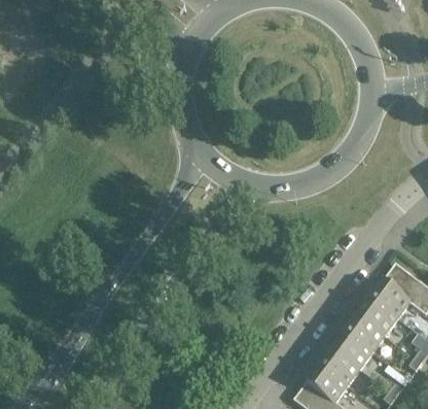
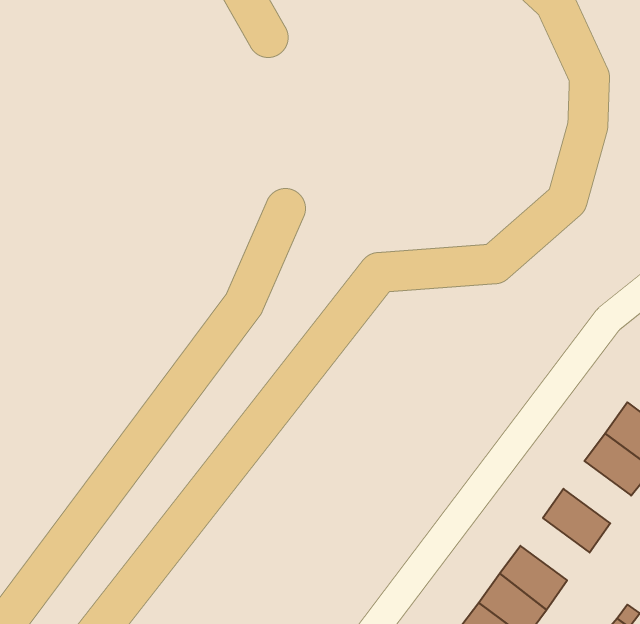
building: [358,298,398,335] -> none
building: [332,332,373,369] -> none

